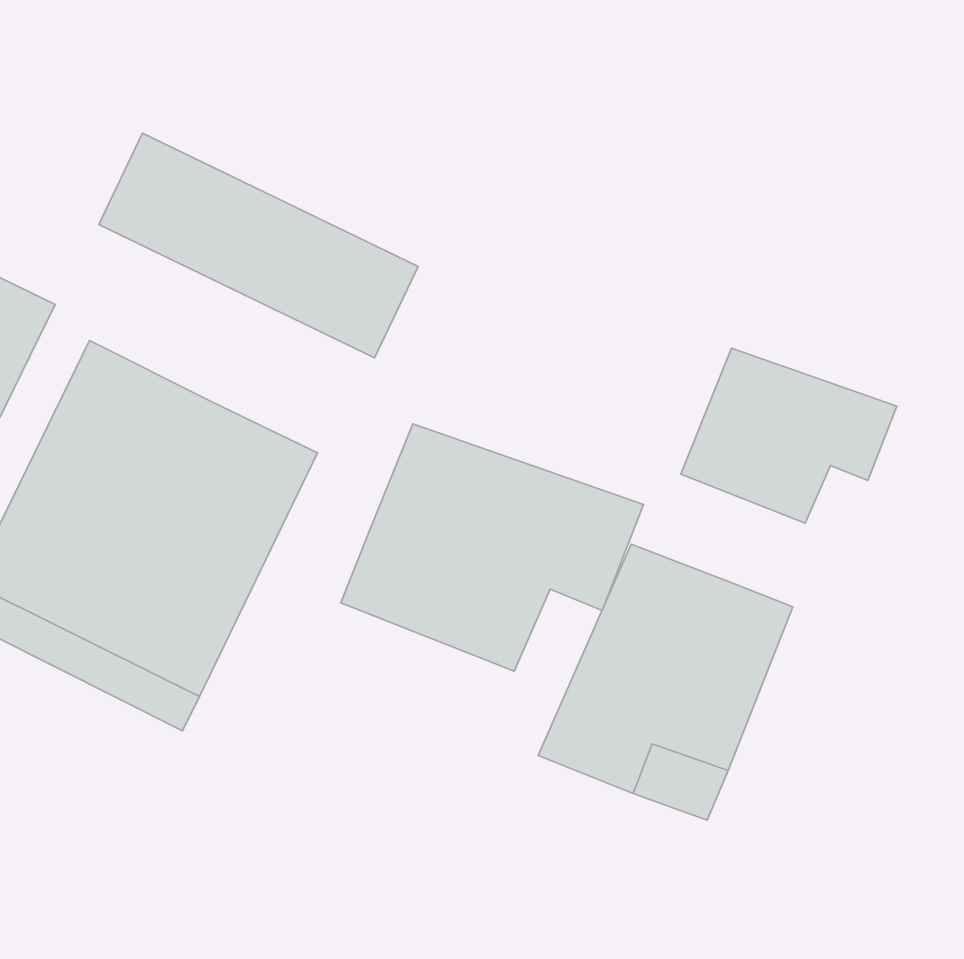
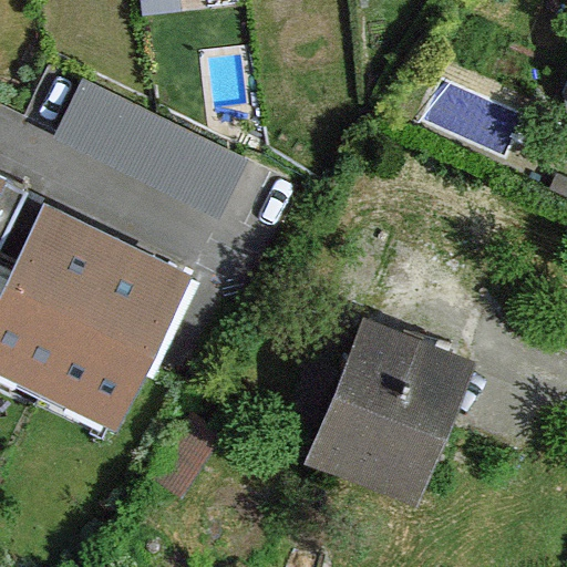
building: [681,348,897,523] -> none
building: [341,424,643,671] -> none

